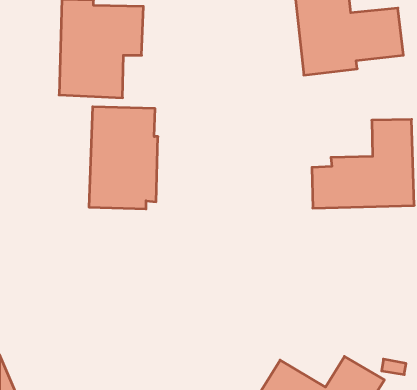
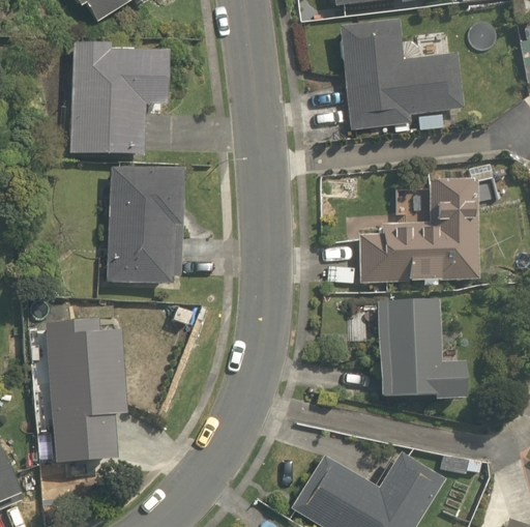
building: none -> [379,297,467,398]
building: none -> [46,319,126,463]

